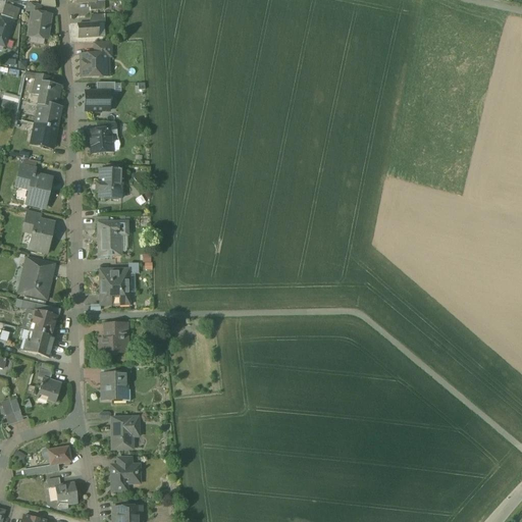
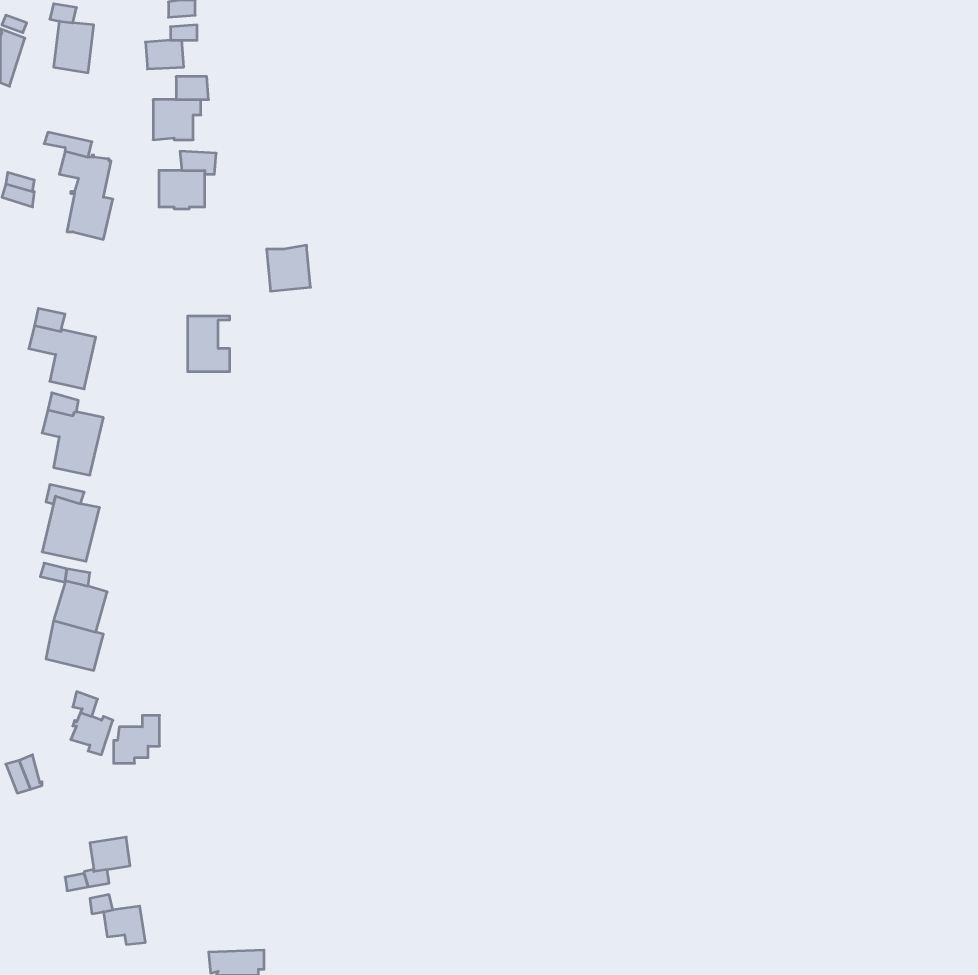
building: [32,123,55,147] -> none
building: [89,127,112,152] -> [267,245,311,291]
building: [100,222,127,256] -> none
building: [100,269,129,304] -> none
building: [101,323,127,352] -> none
building: [102,373,126,399] -> [114,715,160,763]
building: [111,417,138,448] -> none
building: [108,465,138,489] -> none

